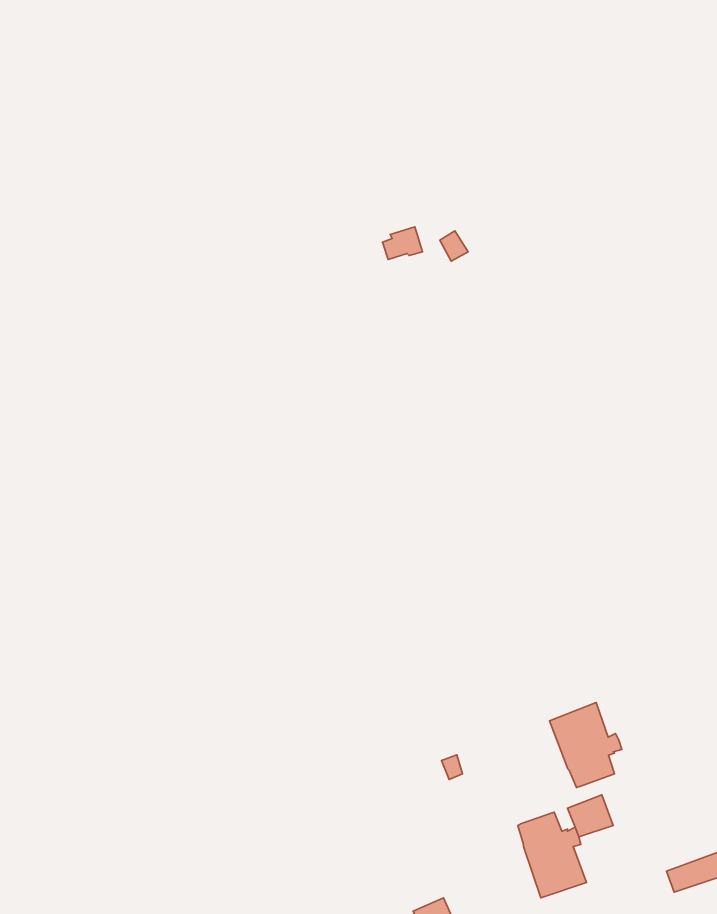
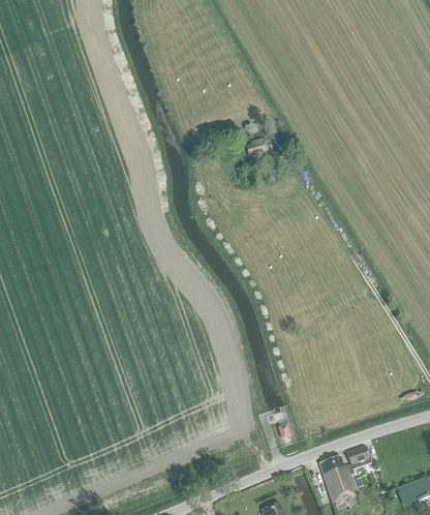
building: [549,703,622,787] -> none

